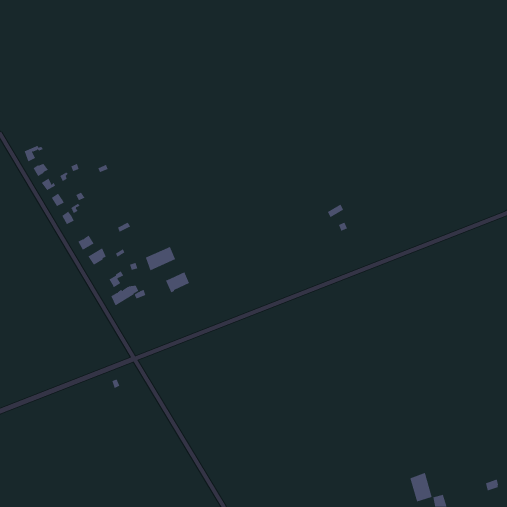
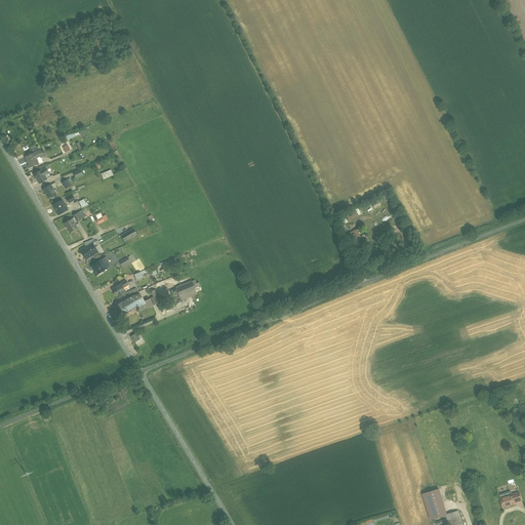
building: [145,246,176,271] -> none

